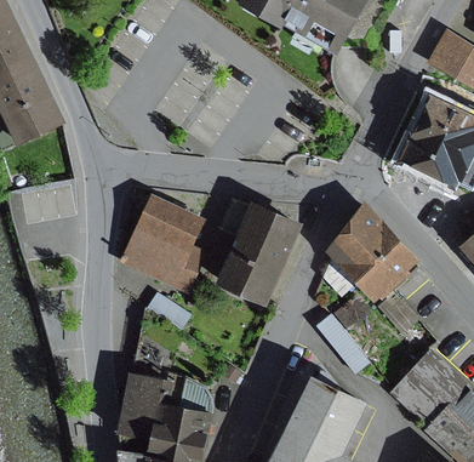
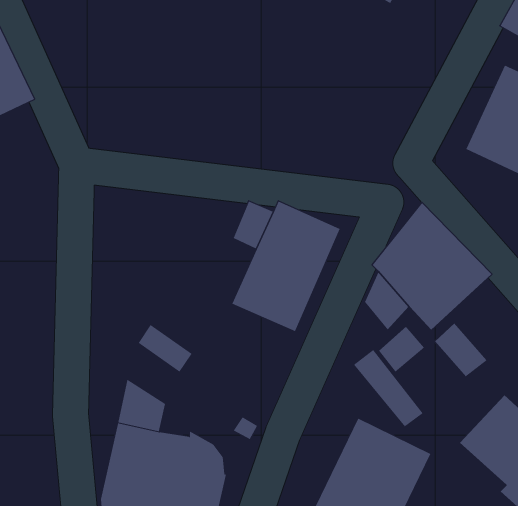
building: [116,193,204,296] -> none

